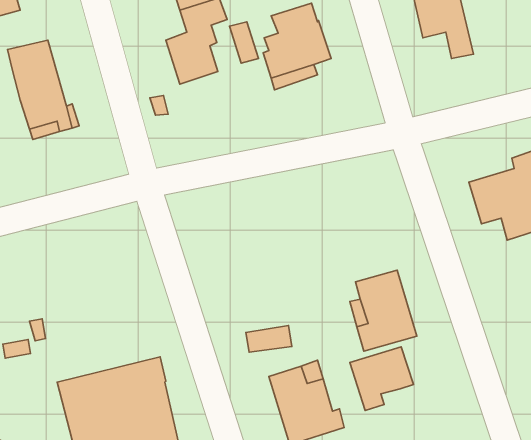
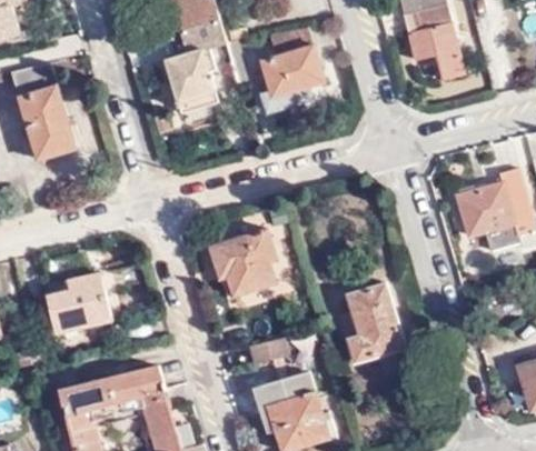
building: none -> [209,229,277,297]
building: none -> [47,275,120,331]
building: [350,347,413,410] -> none

